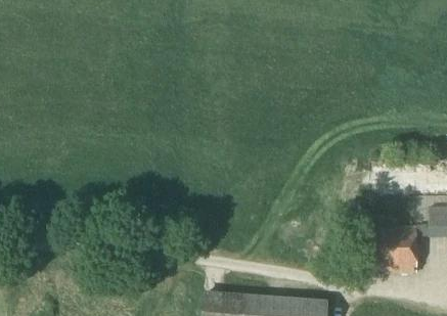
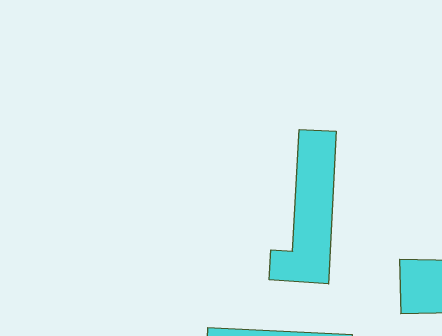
building: none -> [269,130,336,284]

